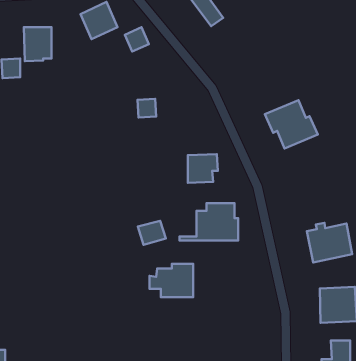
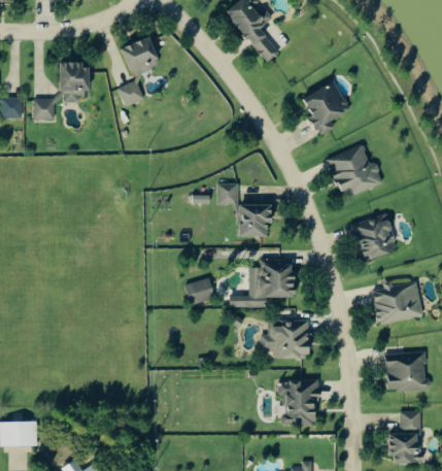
building: [125,27,149,51] -> [117,80,144,107]
building: none -> [304,81,349,136]
building: [138,99,156,117] -> [217,183,238,204]
building: none -> [354,214,396,260]
building: [150,264,193,297] -> [261,321,309,358]
building: none -> [278,380,319,425]

